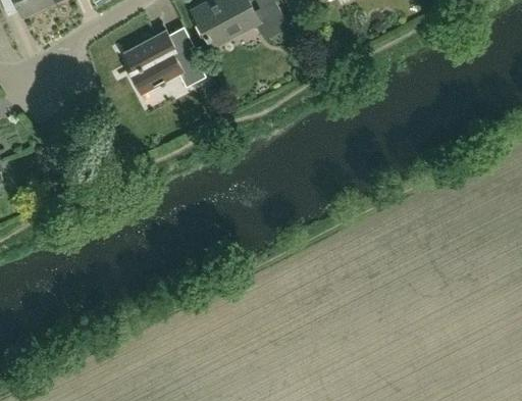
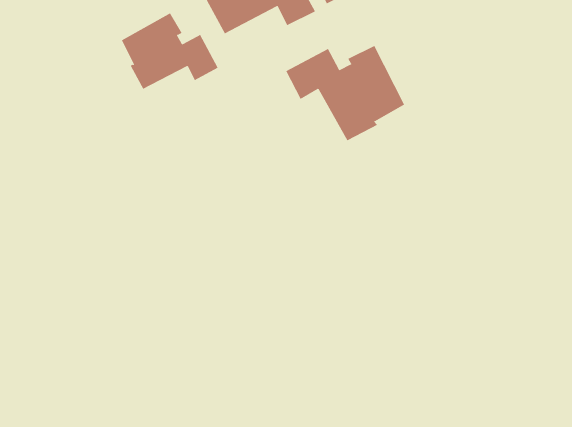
building: none -> [285,45,405,141]

